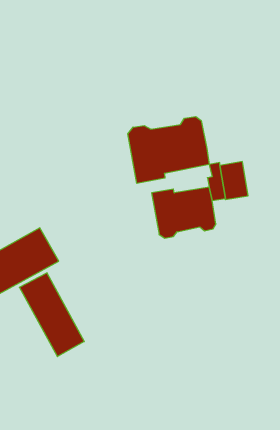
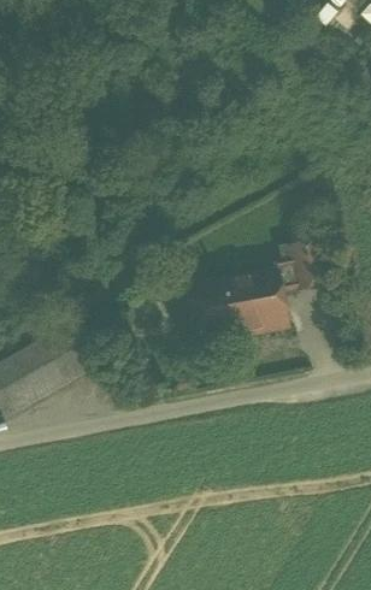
building: [128,117,209,183] -> none
building: [19,273,84,357] -> none

